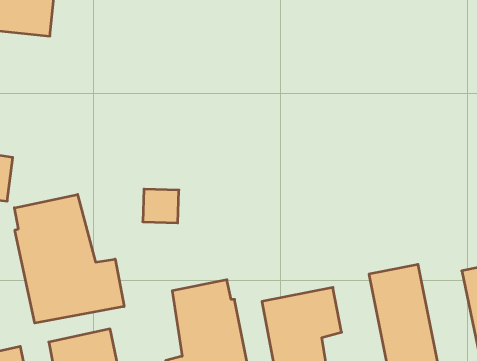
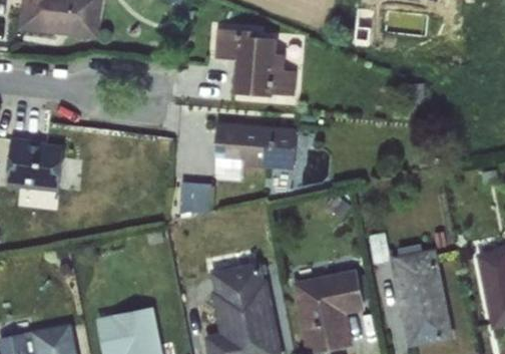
building: none -> [214,28,295,96]
building: none -> [213,122,297,176]
building: [14,194,124,323] -> none

